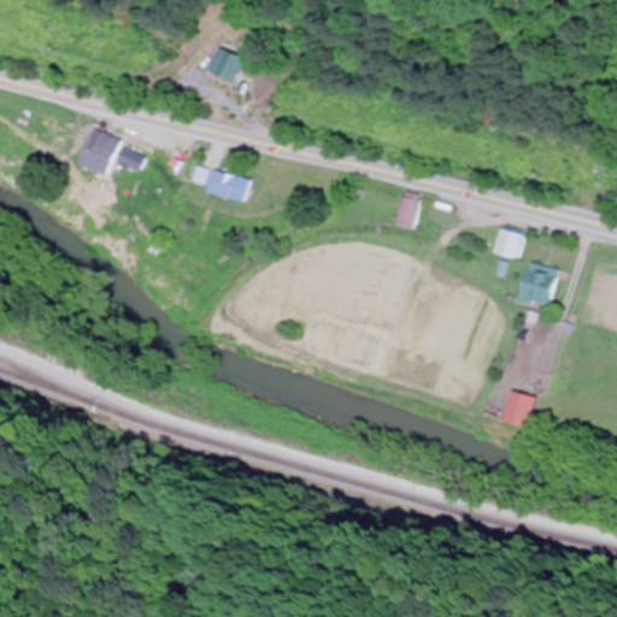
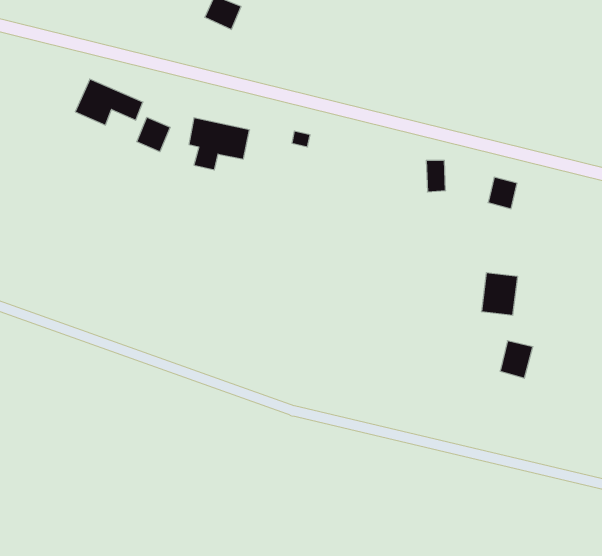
building: none -> [137,117,170,152]
building: [394,198,413,229] -> [426,160,446,192]
building: [517,264,553,306] -> [481,273,518,315]

